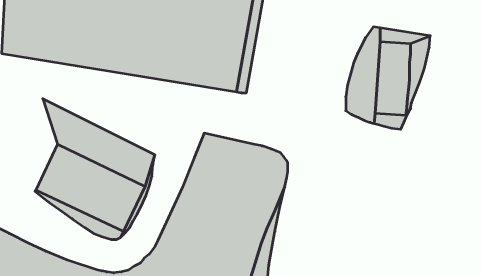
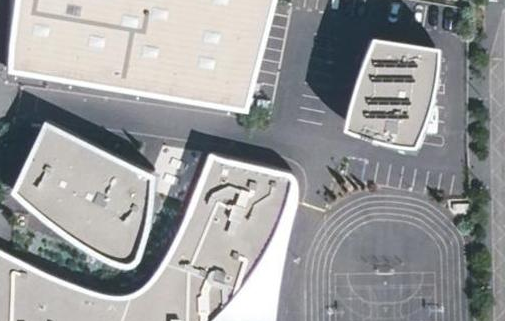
building: none -> [13,120,60,214]

